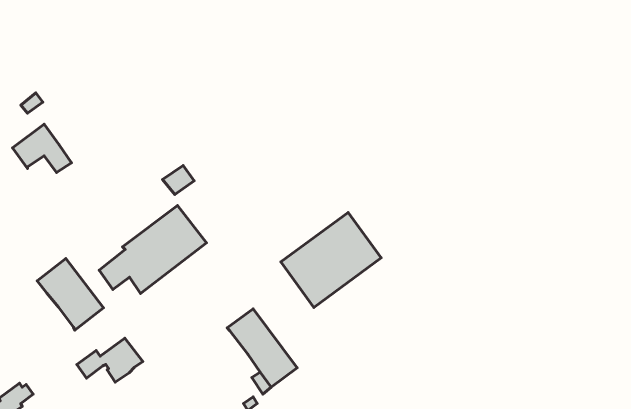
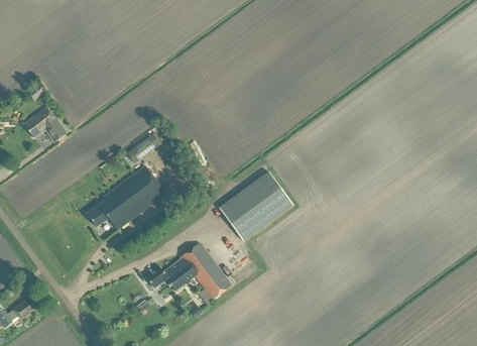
building: [37,259,104,330] -> none
building: [77,338,143,382] -> [146,258,195,291]

